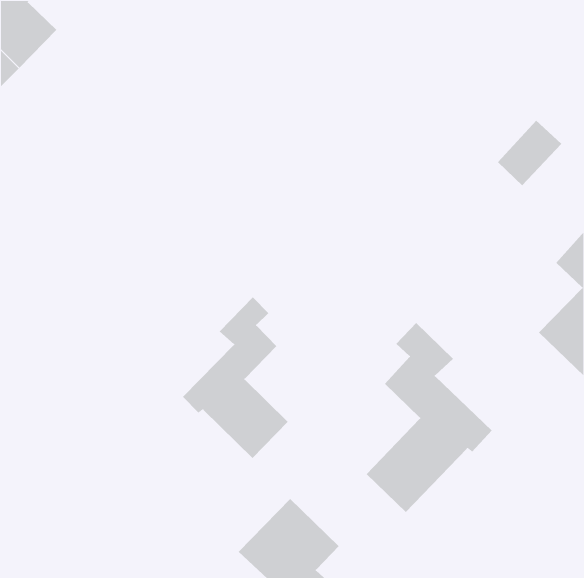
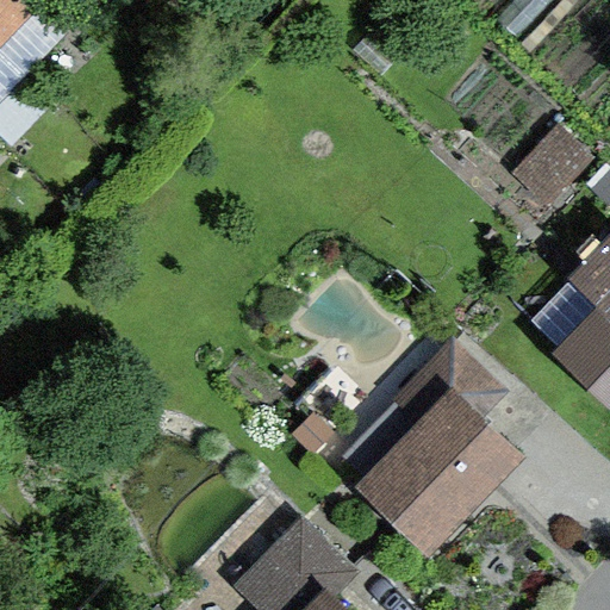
building: [182,297,289,459] -> none

